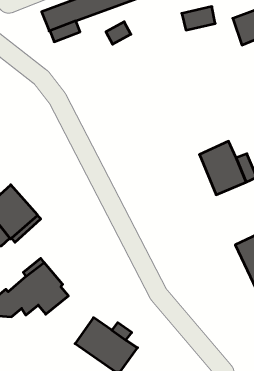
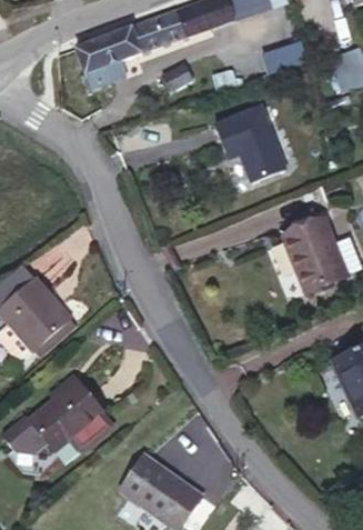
building: none -> [215,106,285,180]

